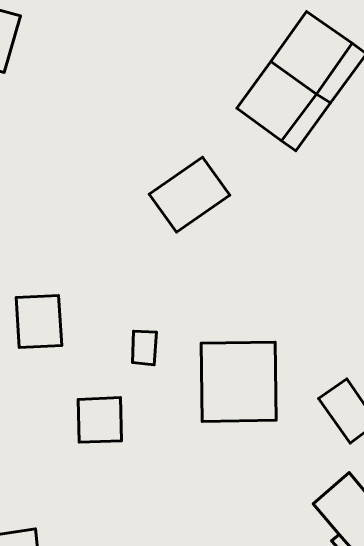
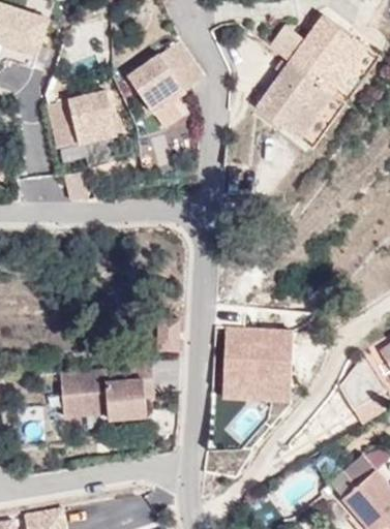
building: none -> [47,89,116,146]
building: [149,157,230,232] -> [126,39,203,111]
building: [16,295,62,348] -> [58,368,101,417]

